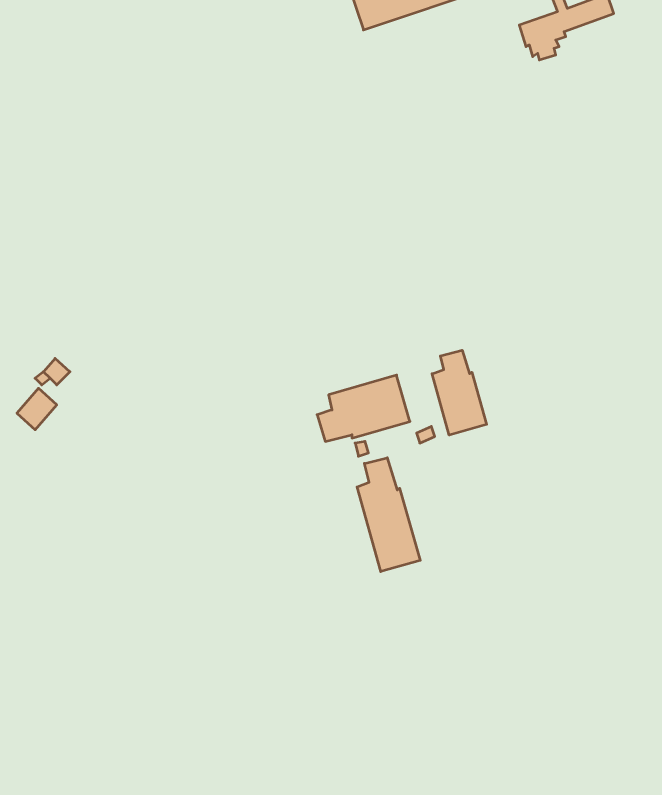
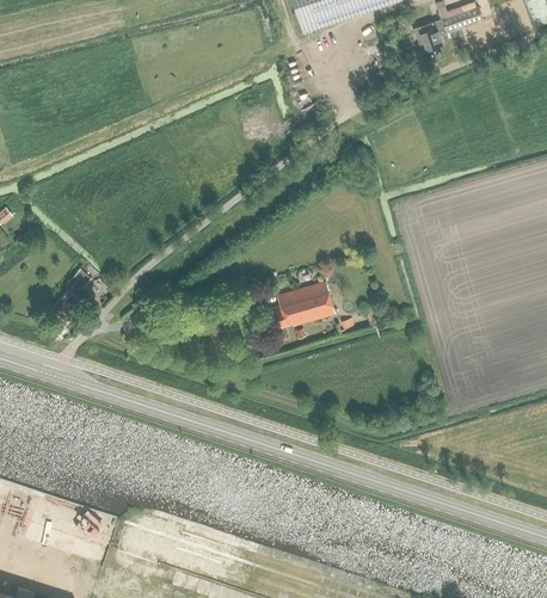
building: [432,350,487,435] -> none
building: [357,458,420,572] -> none

